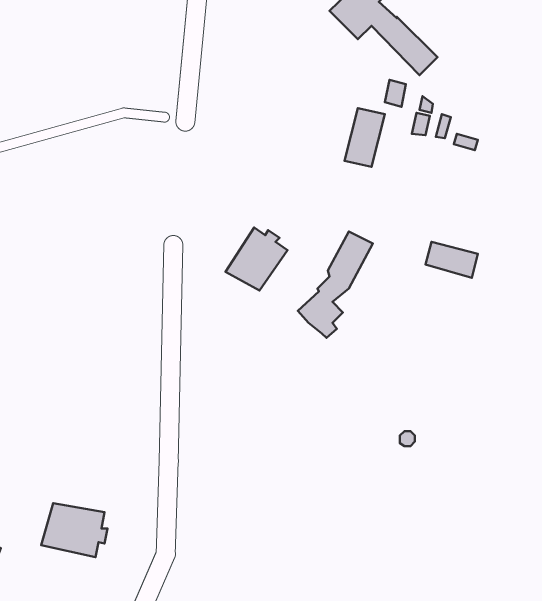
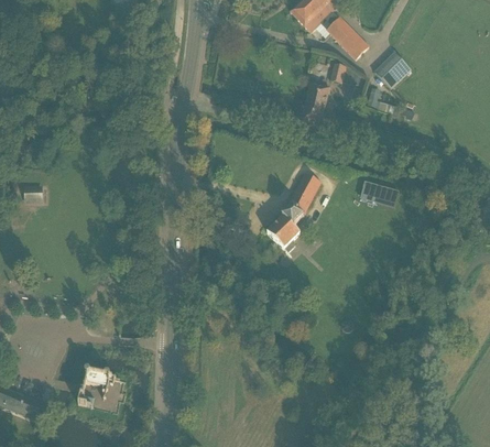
building: none -> [373,51,412,88]
building: [226,228,288,291] -> none

